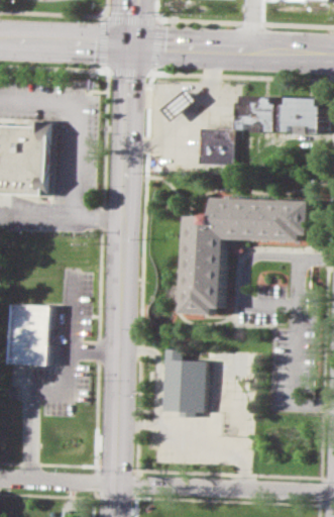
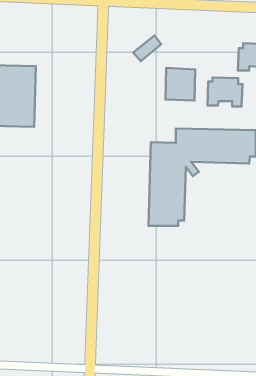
building: [240,96,282,130] -> [207,77,242,106]
building: [9,306,51,367] -> none
building: [157,349,202,414] -> none

